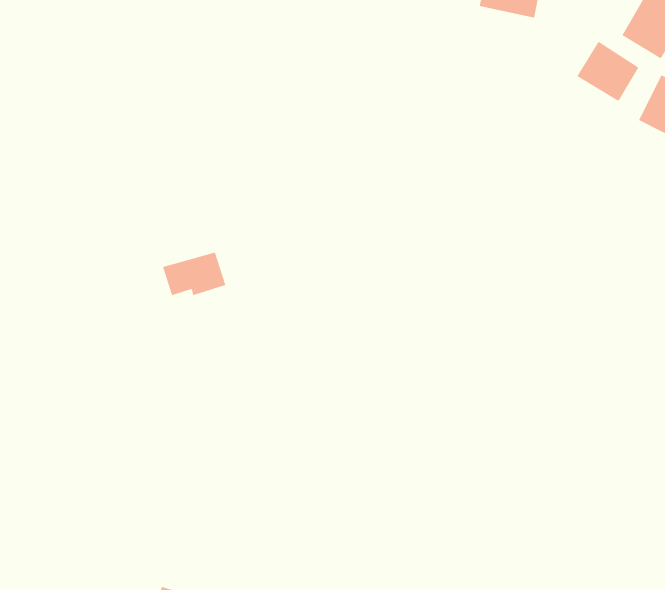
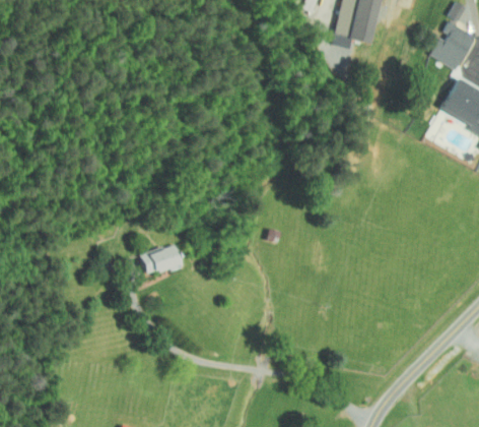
building: [576,41,639,102] -> none
building: [162,252,226,296] -> [140,242,183,271]

